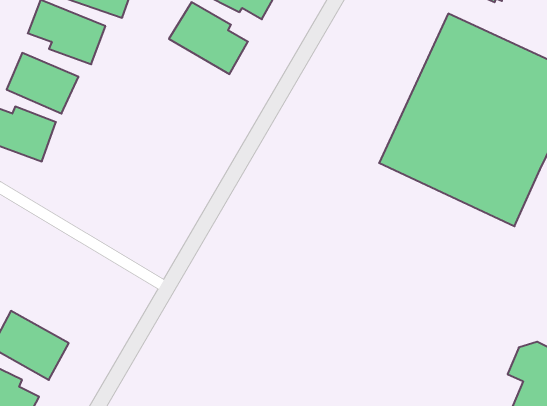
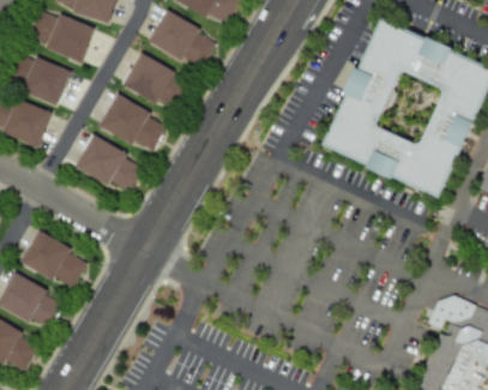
building: none -> [119,52,182,109]
building: none -> [97,92,163,152]
building: none -> [72,133,138,191]
building: none -> [19,229,83,287]

